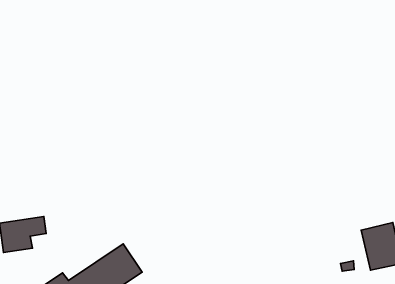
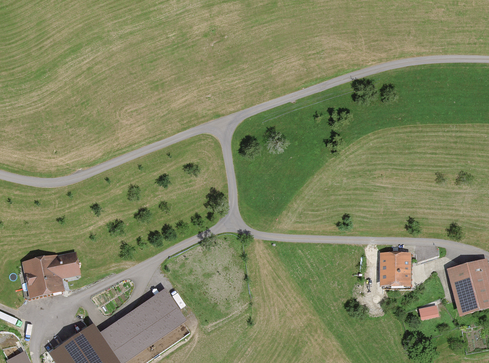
building: none -> [378,254,406,287]

